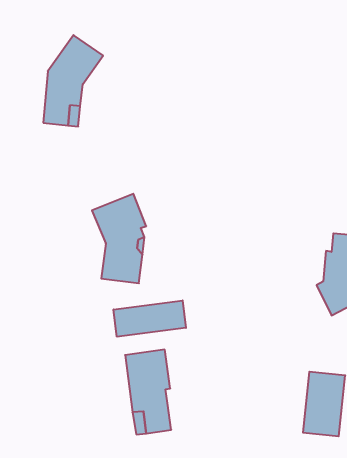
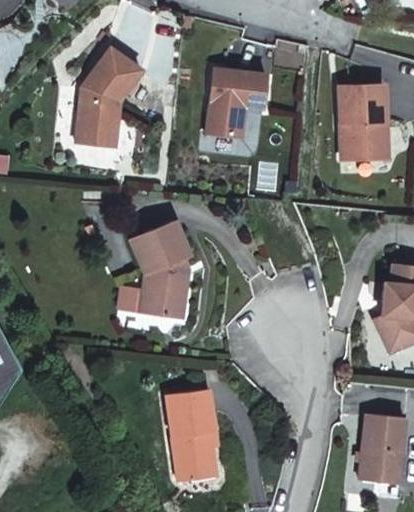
building: none -> [207,69,266,137]
building: none -> [339,85,386,160]
building: [114,300,186,337] -> none

